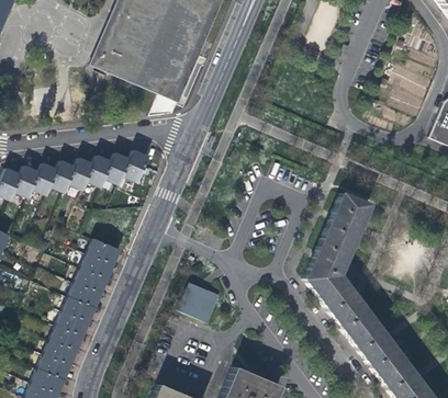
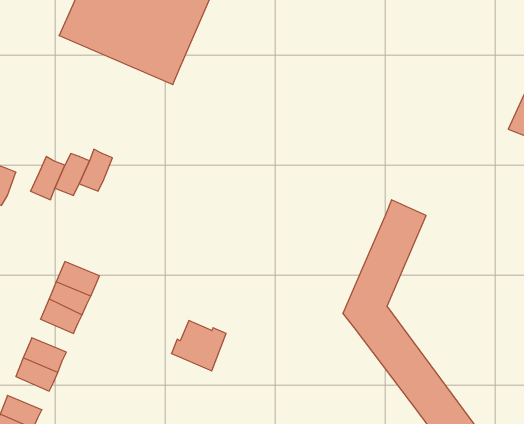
building: [124,149,149,181] -> none
building: [51,160,76,193] -> none
building: [69,281,101,306] -> none
building: [51,325,82,350] -> none

